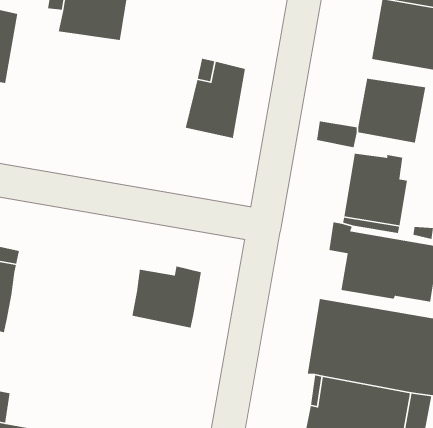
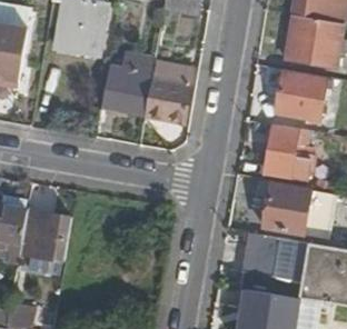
building: none -> [106,49,156,109]
building: [132,266,202,328] -> [20,212,71,258]

